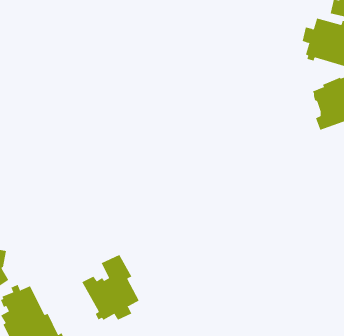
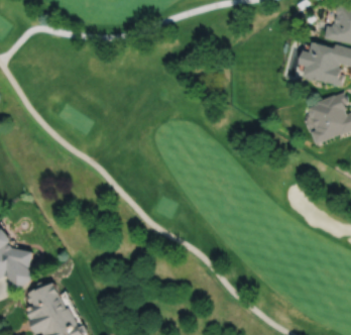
building: [82,254,139,320] -> none

